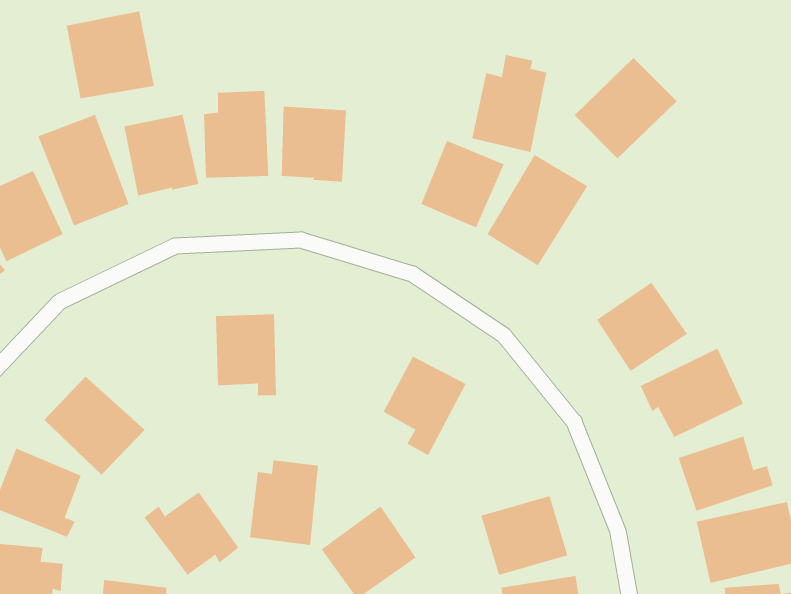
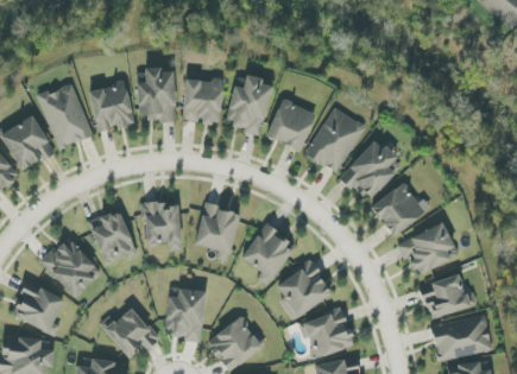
building: [66,10,155,99] -> none
building: [471,55,547,152] -> [226,75,271,133]
building: [574,57,677,159] -> [341,140,403,201]
building: none -> [194,202,240,261]
building: none -> [89,210,137,265]
building: none -> [276,261,333,319]

